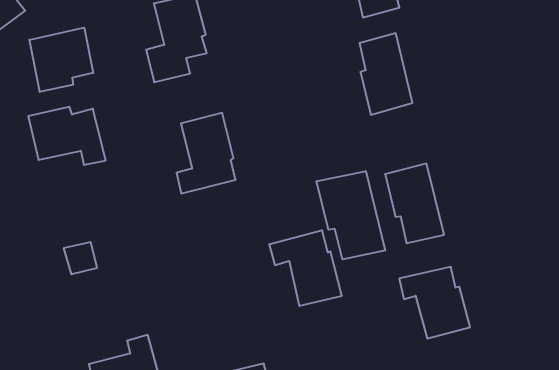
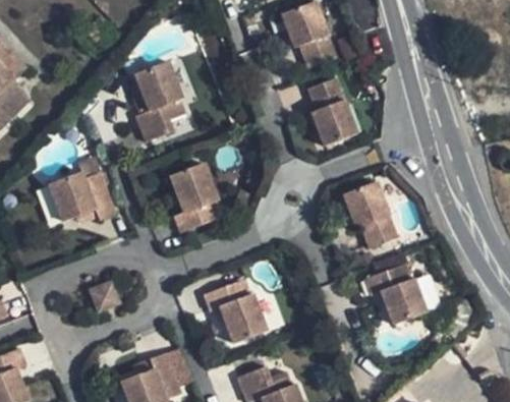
building: [29,28,93,92] -> none
building: [317,171,385,259] -> none
building: [269,230,342,306] -> [204,278,269,342]

